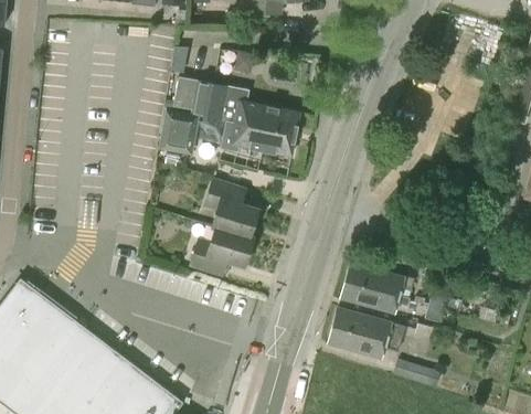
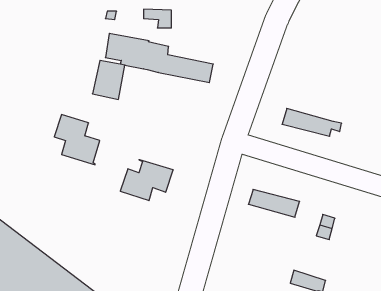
building: [217,120,297,157] -> none
building: [205,180,259,240] -> [54,115,100,165]
building: [338,280,408,314] -> [282,108,342,136]
building: [326,307,404,359] -> none

